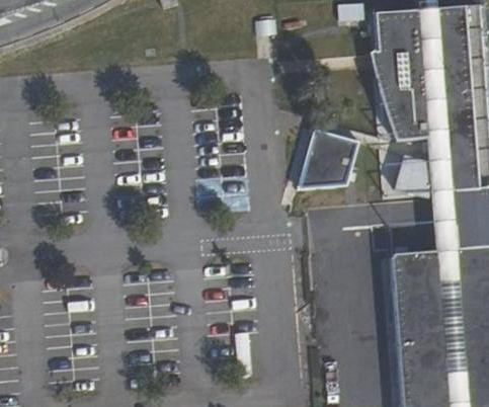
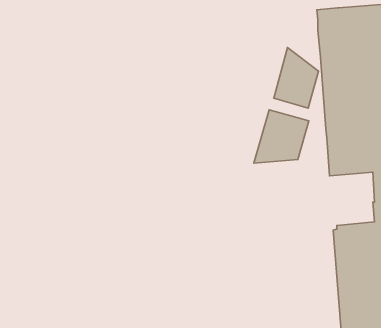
building: none -> [274,48,319,108]

